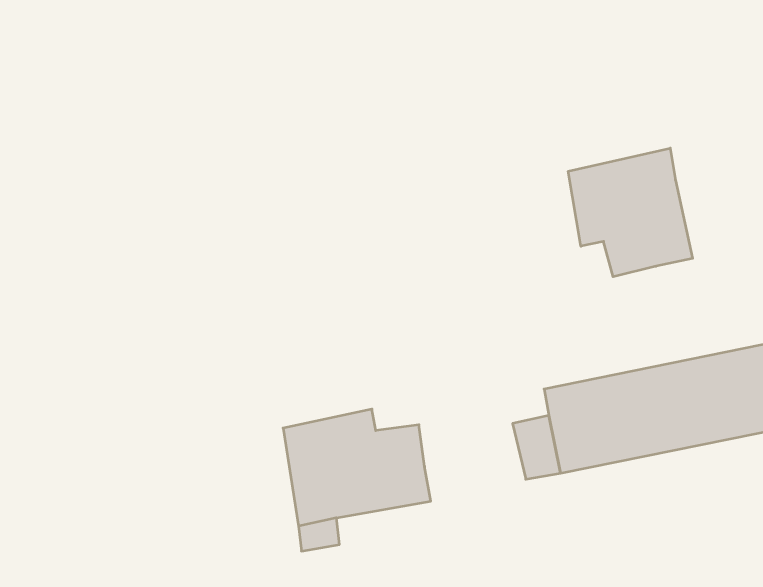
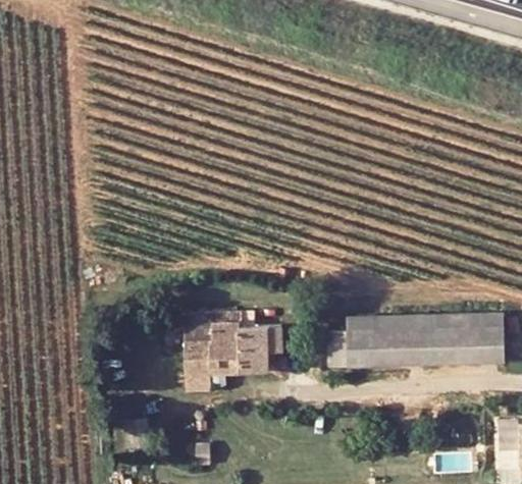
building: [568,148,693,277] -> none

